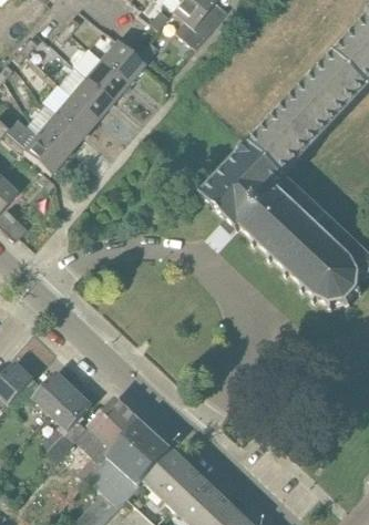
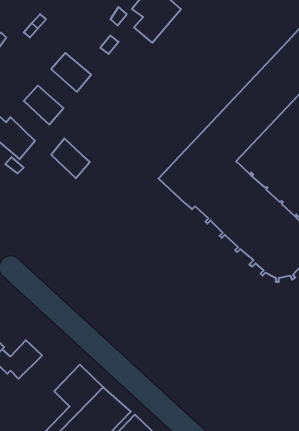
building: [100,40,144,82] -> none
building: [70,76,112,119] -> none
building: [40,111,82,154] -> [51,138,90,178]
building: [45,387,92,461] -> none

